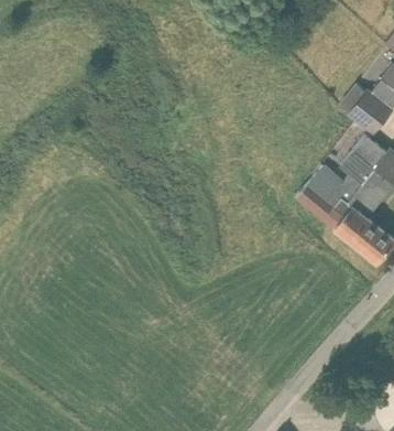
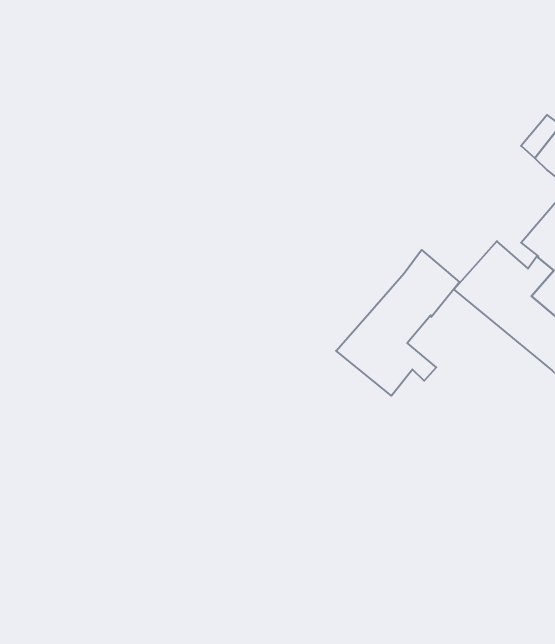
building: none -> [336,250,460,396]

